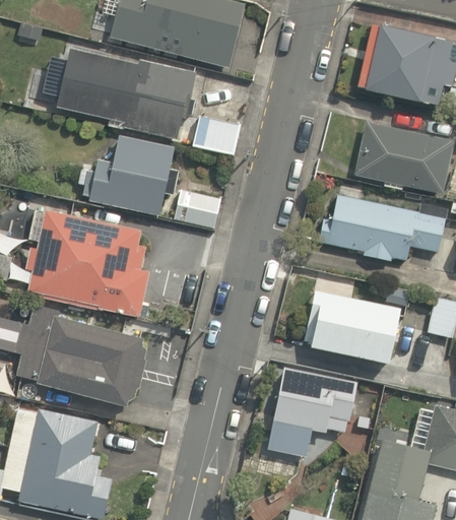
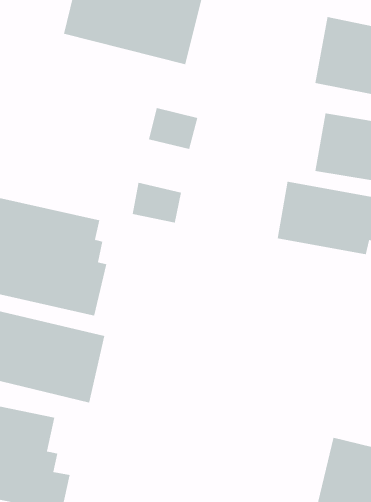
building: [59,48,198,141] -> none
building: [79,133,174,214] -> none
building: [295,284,395,364] -> none
building: [266,366,355,457] -> none

